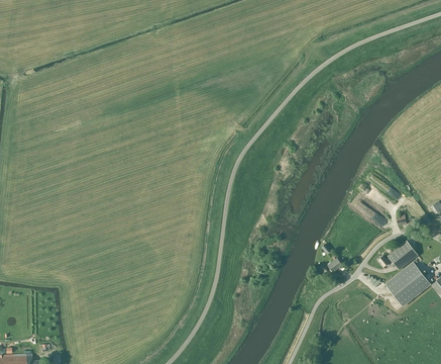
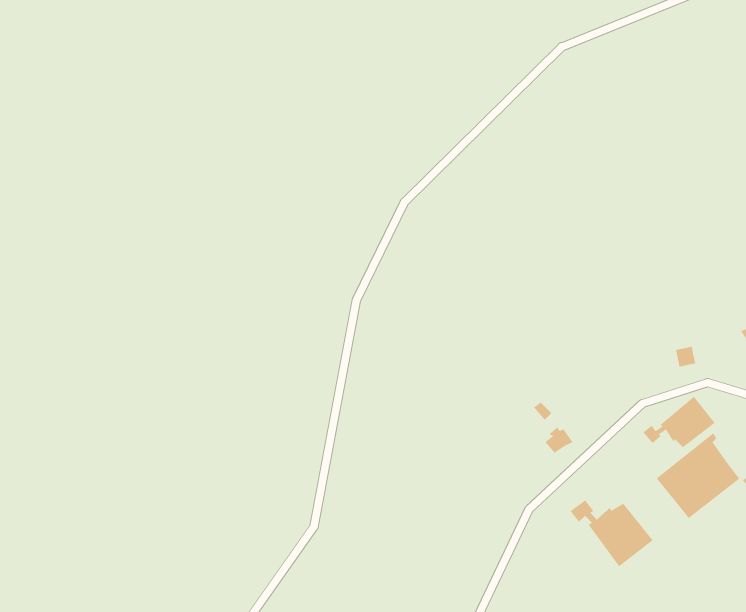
building: none -> [570,500,653,567]

